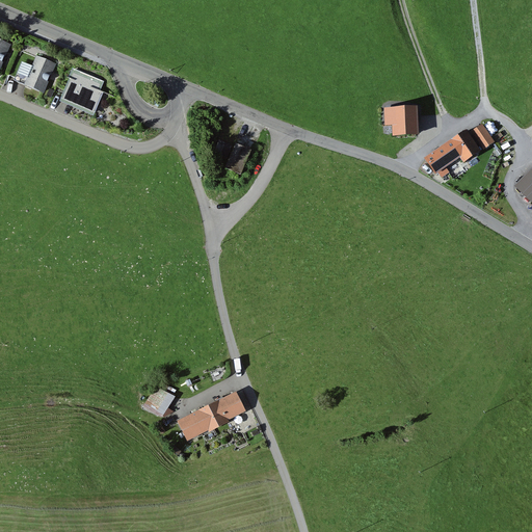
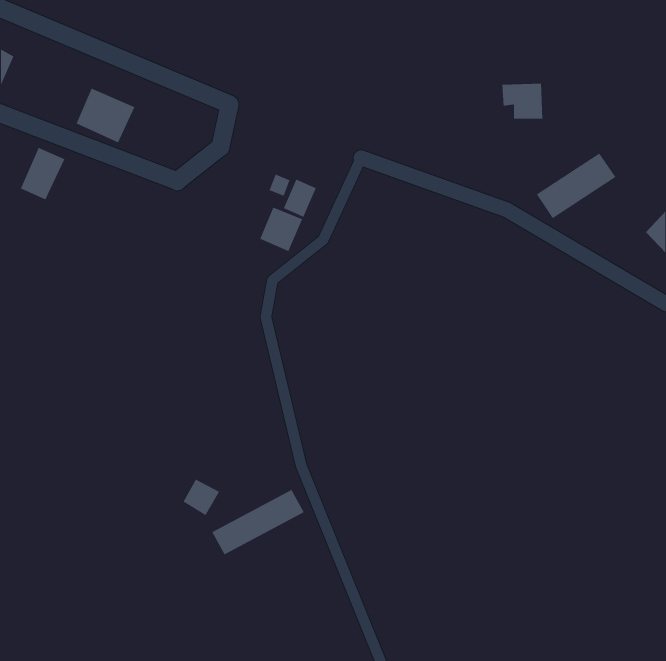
building: [22,53,58,96] -> [20,147,65,200]
building: [384,105,418,134] -> [501,83,543,119]
building: none -> [259,206,303,252]

